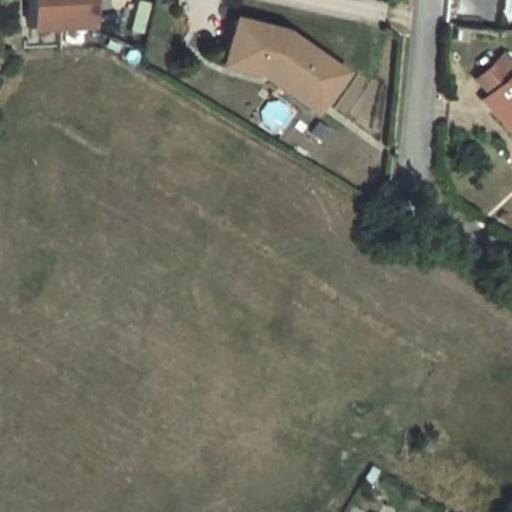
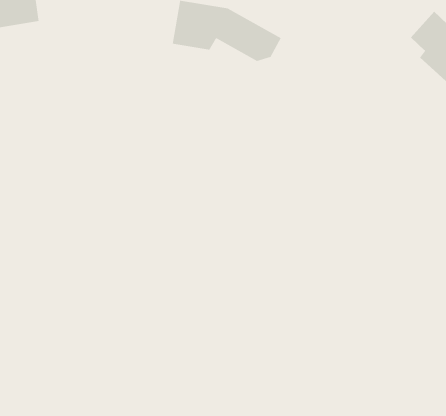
building: [265,68,346,116] -> none

